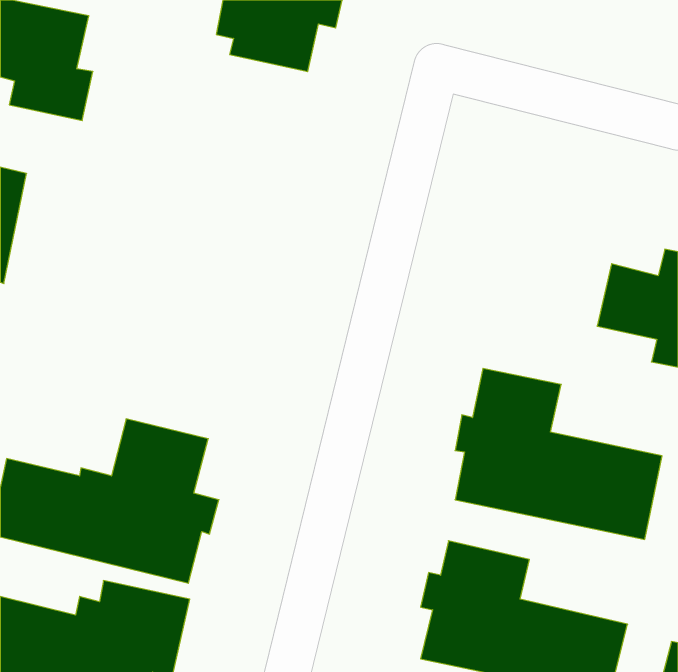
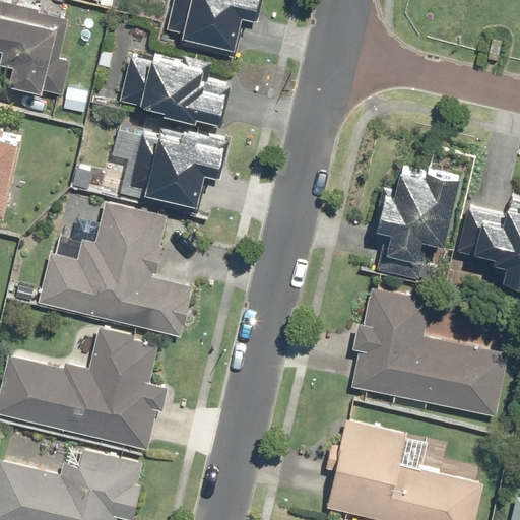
building: none -> [116,50,231,124]
building: none -> [109,121,230,215]
building: none -> [370,167,458,282]
building: none -> [35,200,191,337]

